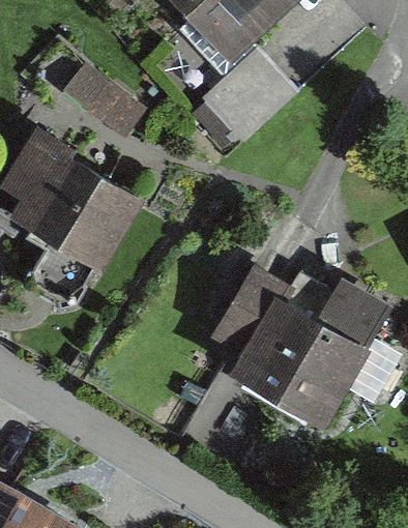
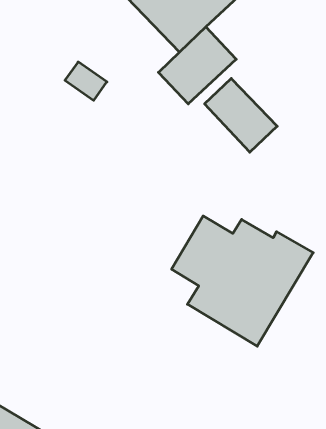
building: none -> [205,78,277,152]
building: [21,130,136,312] -> none

